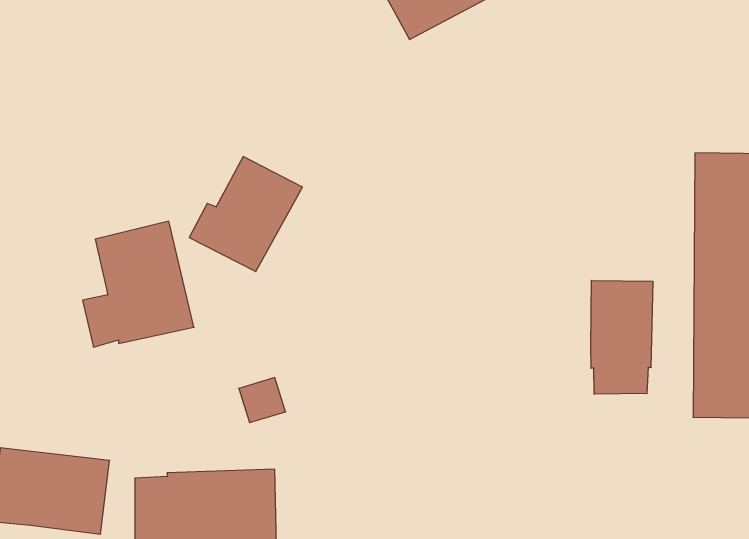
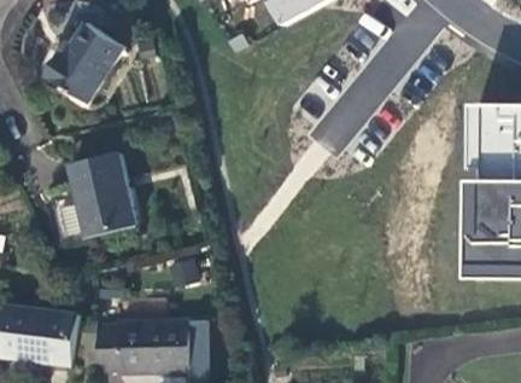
building: [189,157,302,272] -> [41,22,117,99]
building: [591,280,653,394] -> none

